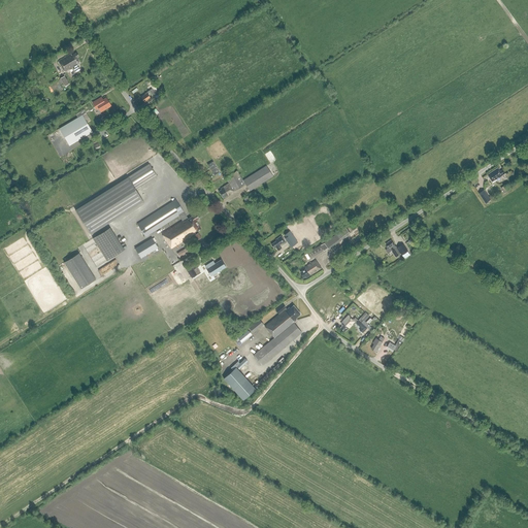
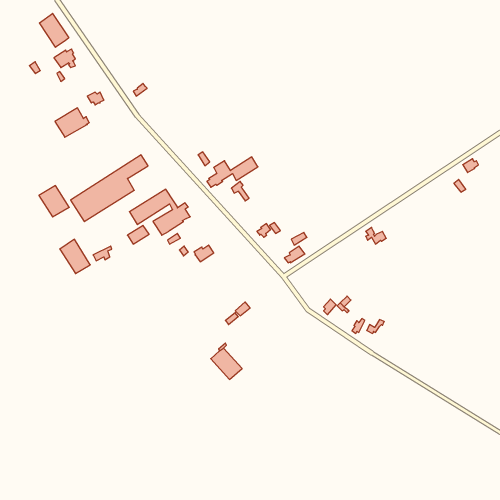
building: none -> [39,13,69,47]
building: [92,227,124,260] -> [39,186,69,217]
building: [253,303,301,364] -> none

